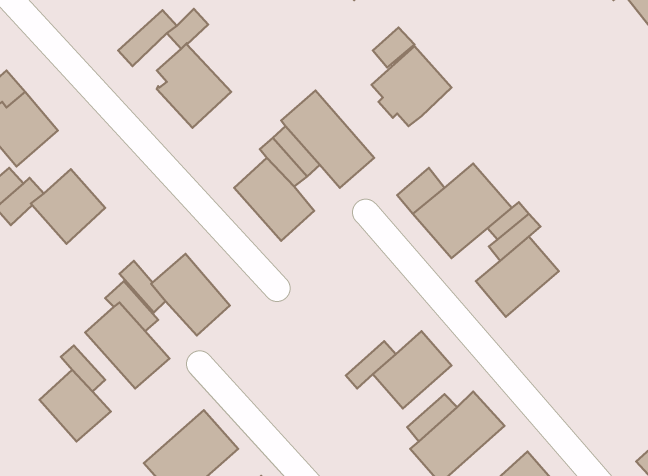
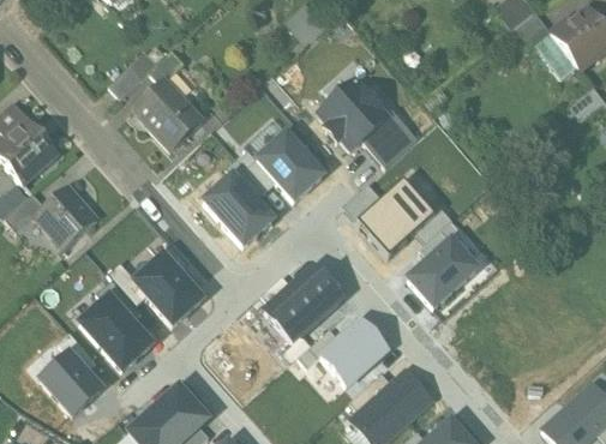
building: none -> [364,112,420,167]
building: none -> [266,268,344,342]

